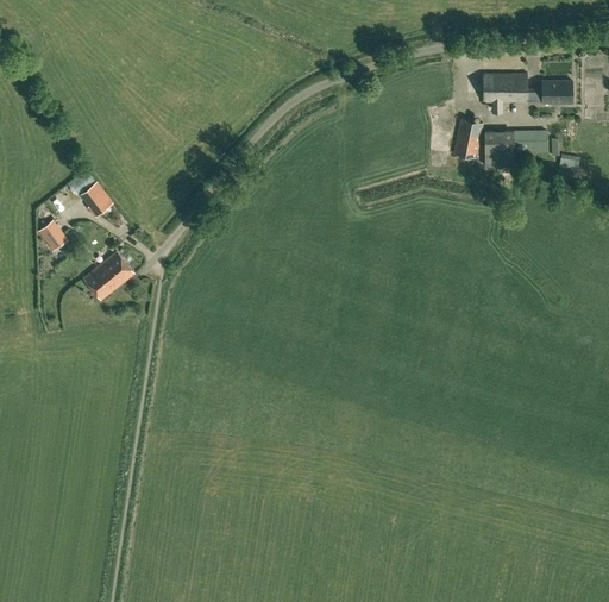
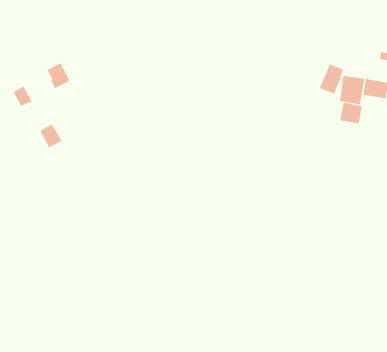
building: [484,74,528,113] -> none
building: none -> [340,102,362,124]
building: [100,252,134,287] -> none

